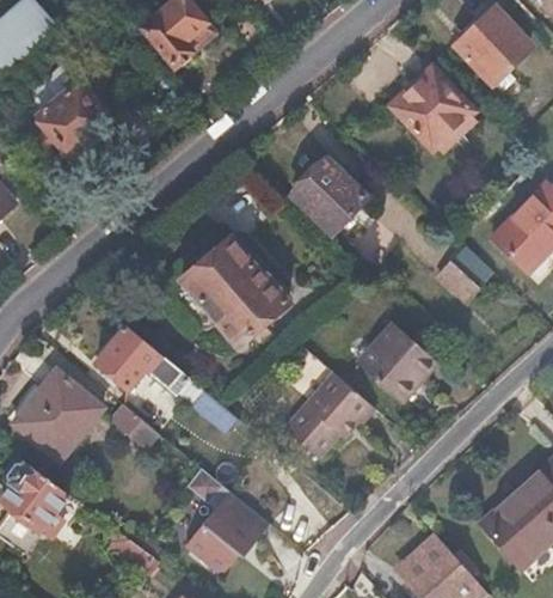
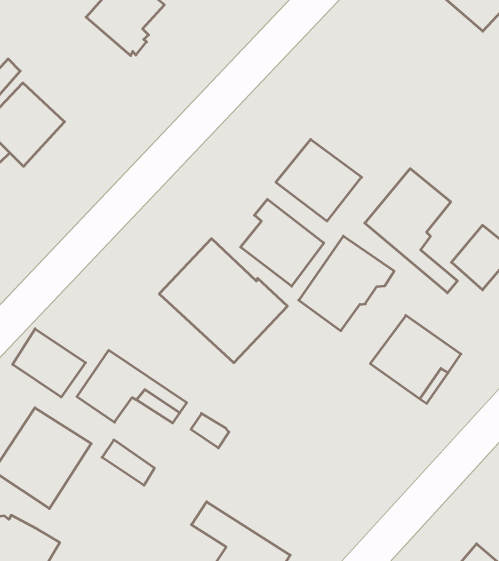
building: [391,67,469,147] -> none
building: none -> [365,169,457,293]
building: none -> [241,199,324,286]
building: none -> [13,329,86,397]
building: [289,370,376,453] -> [299,236,394,331]

